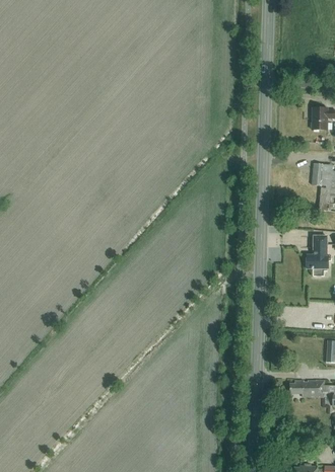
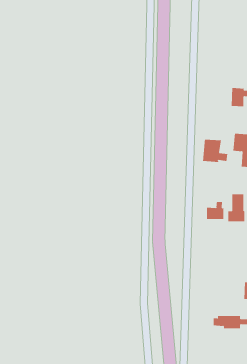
building: none -> [203,139,228,163]
building: none -> [207,201,224,220]

